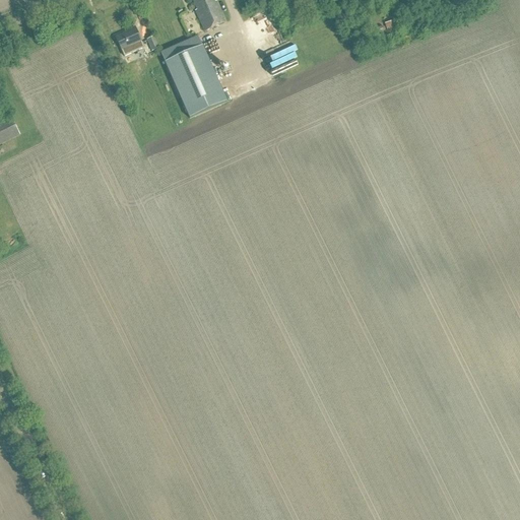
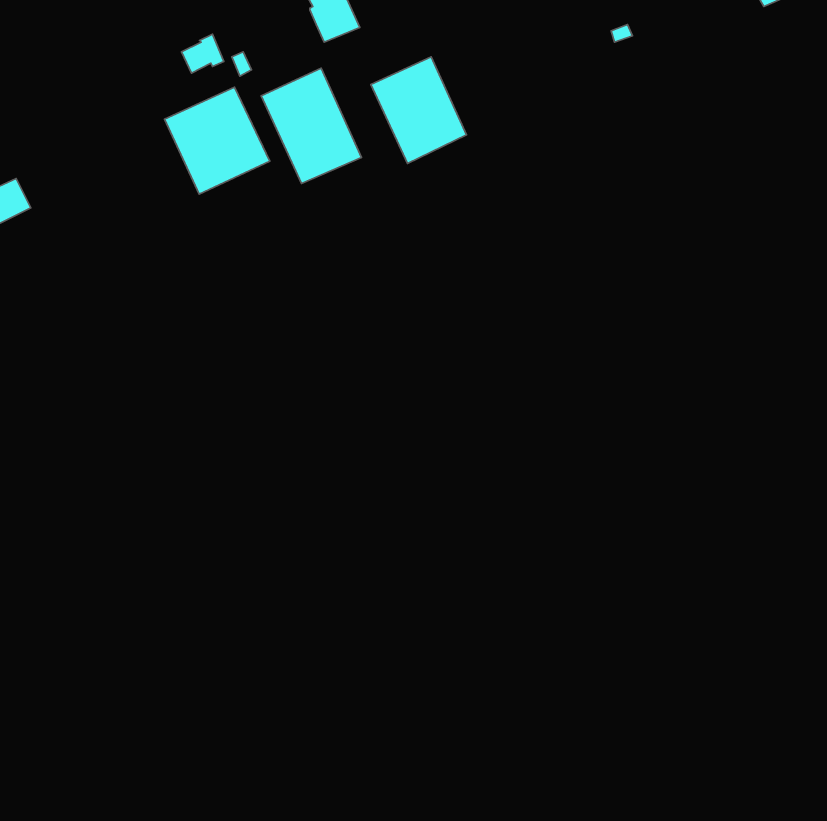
building: none -> [371,57,467,163]
building: none -> [164,87,270,194]

